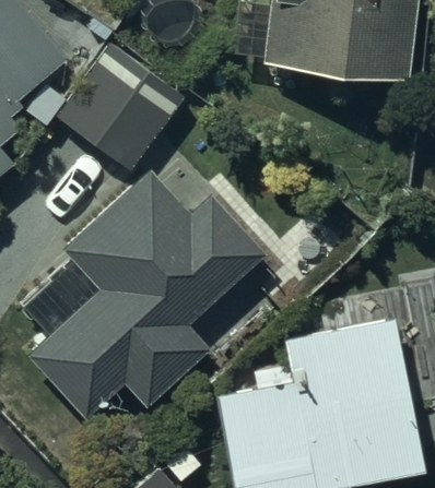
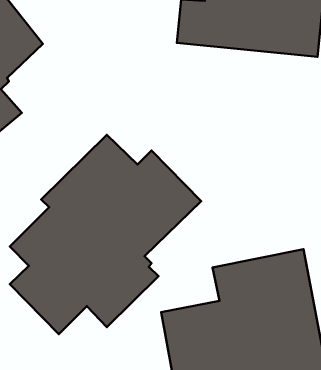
building: [60,23,188,172] -> none

